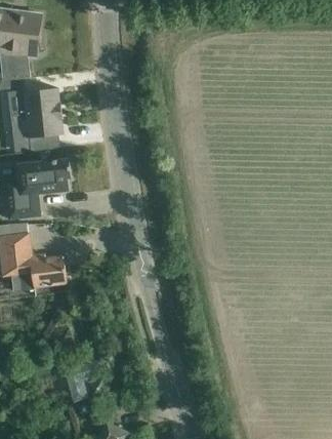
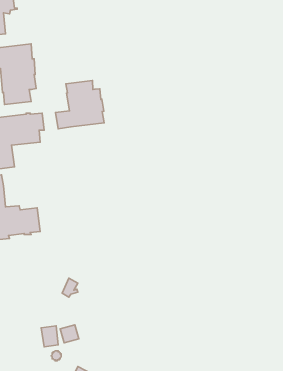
building: none -> [56,80,104,129]

